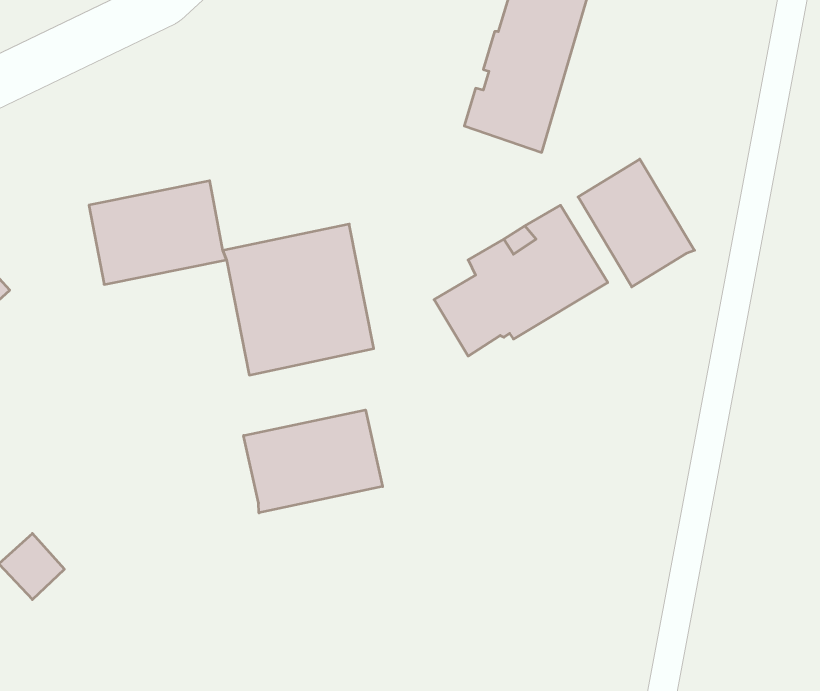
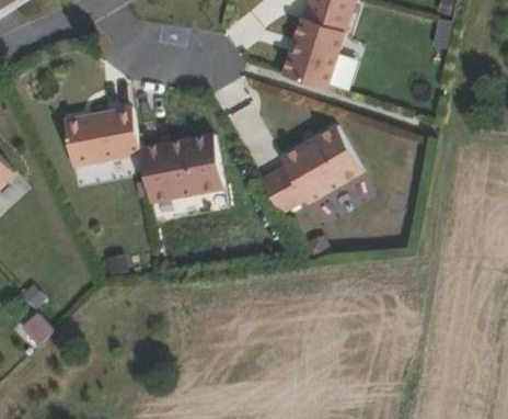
building: [578,159,695,287] -> none
building: [244,410,383,513] -> none

